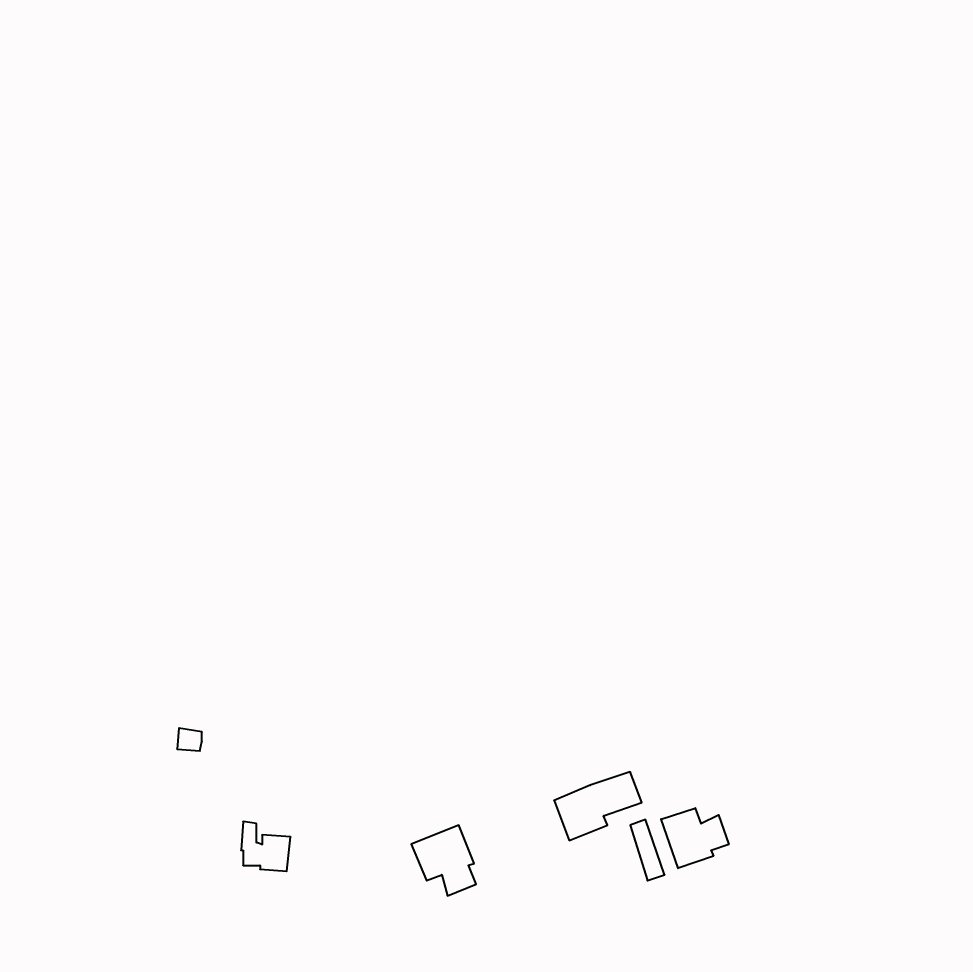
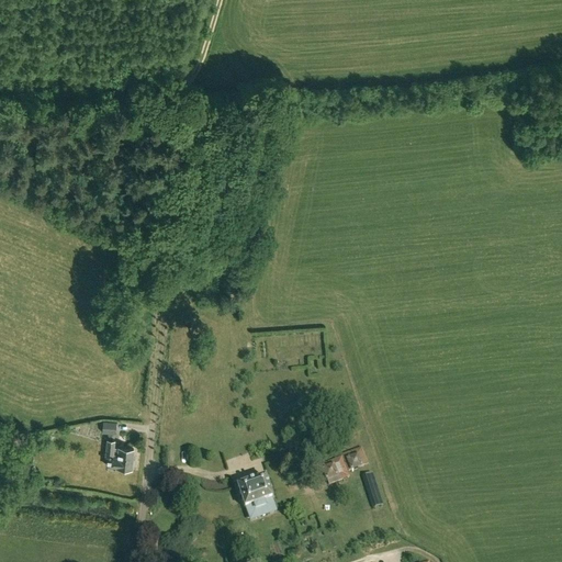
building: [661,808,729,868] -> none
building: [241,822,291,871] -> [106,439,135,468]

